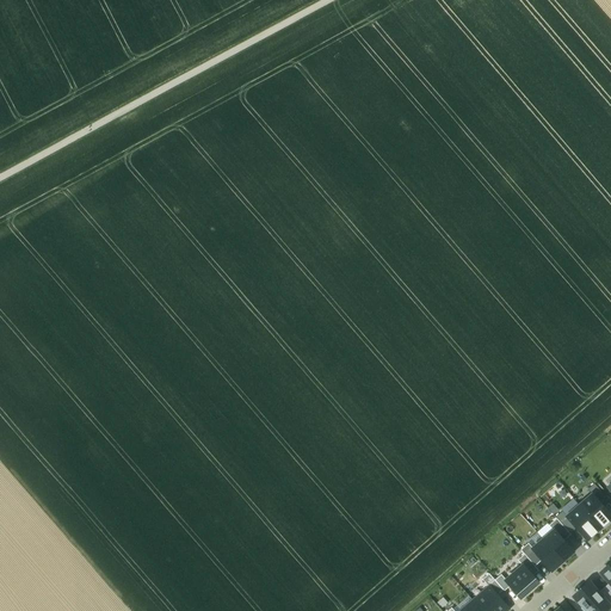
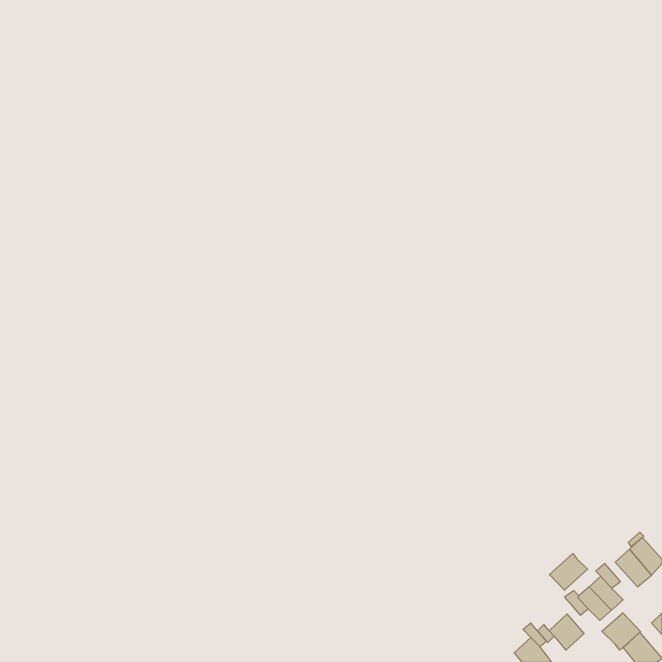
building: none -> [549,554,588,590]
building: none -> [602,613,641,650]

